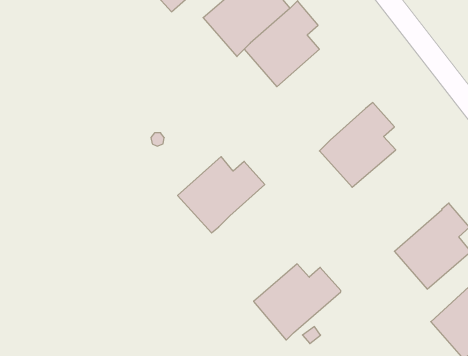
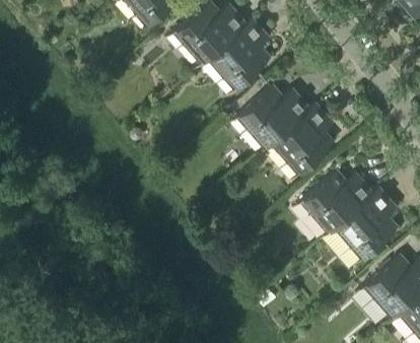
building: [178,157,265,233] -> [236,85,309,149]
building: [254,264,341,340] -> [300,170,373,234]

